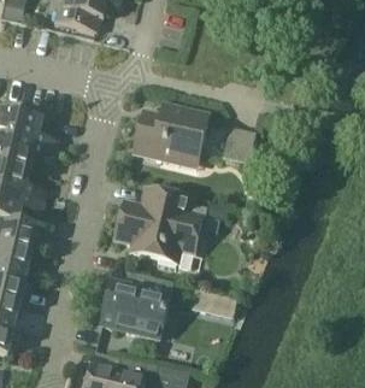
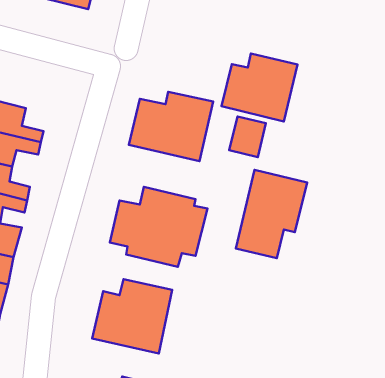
building: none -> [222,53,297,122]
building: none -> [236,170,307,258]

